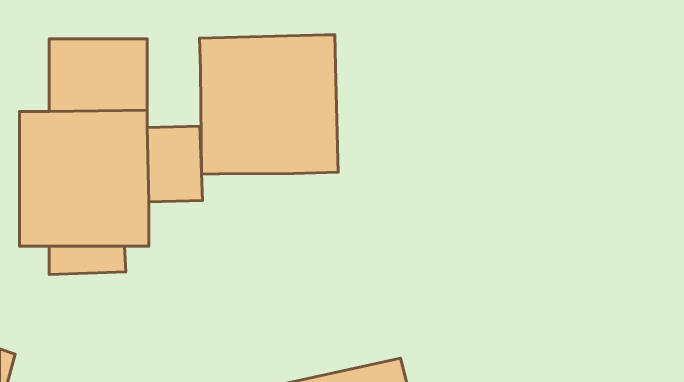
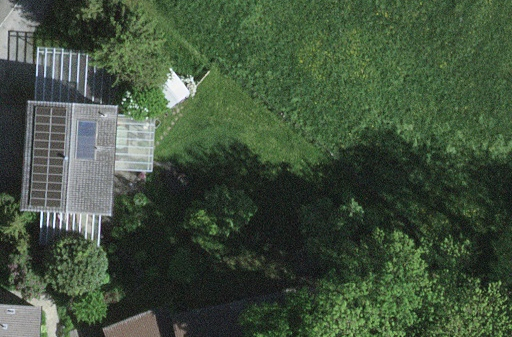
building: [200,35,338,174] -> none

